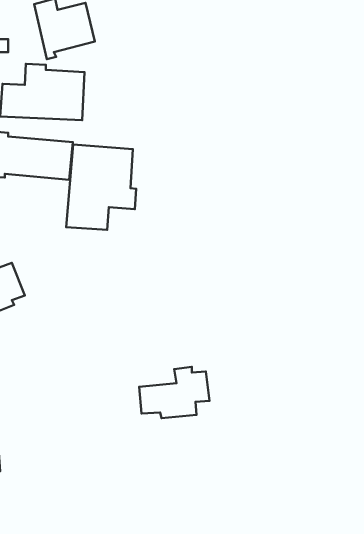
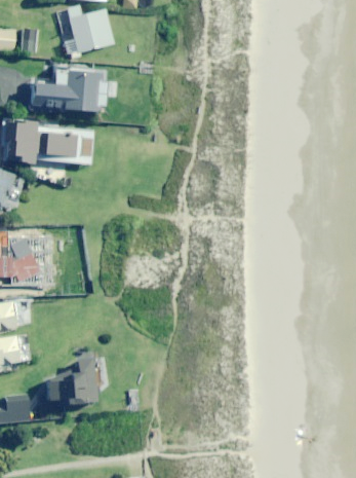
building: [66,144,136,230] -> none
building: [139,367,209,418] -> [47,359,109,404]

